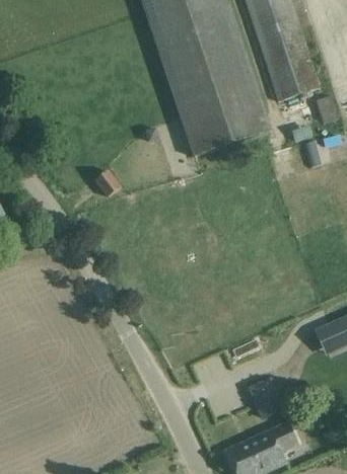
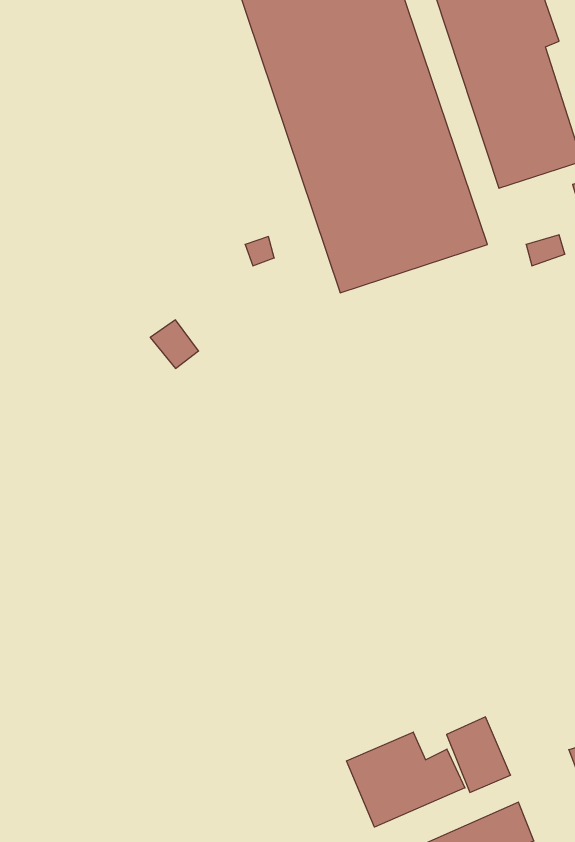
building: none -> [346,732,465,827]

